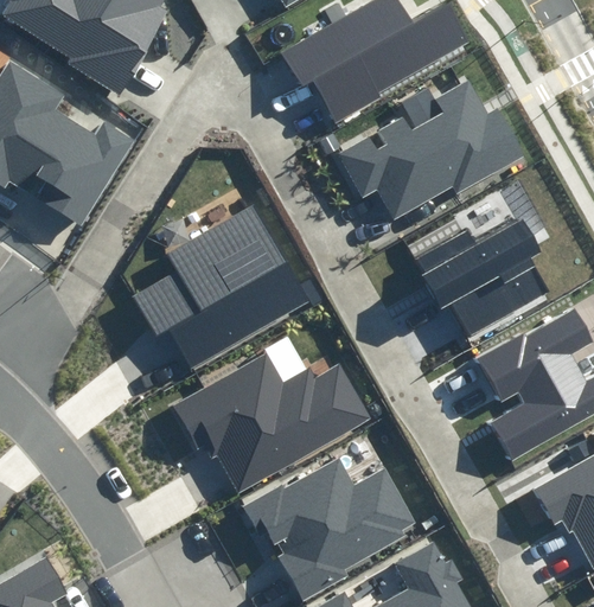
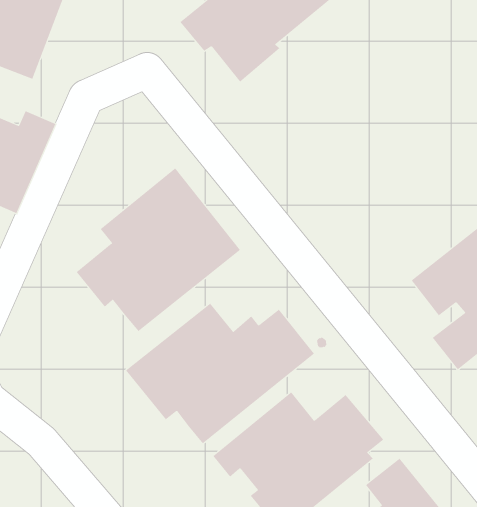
building: [338,78,524,219] -> none
building: [414,215,548,333] -> none

